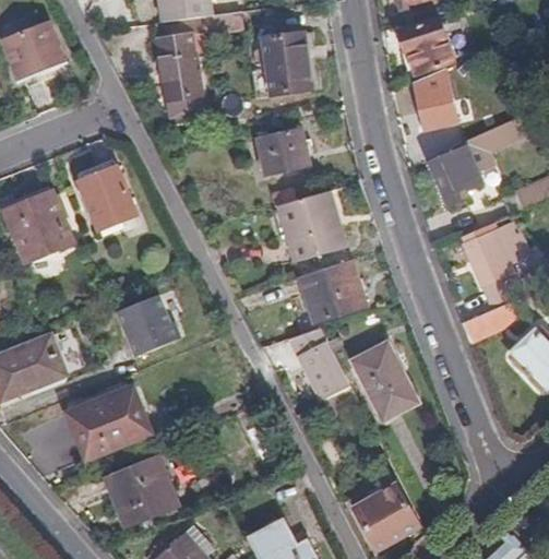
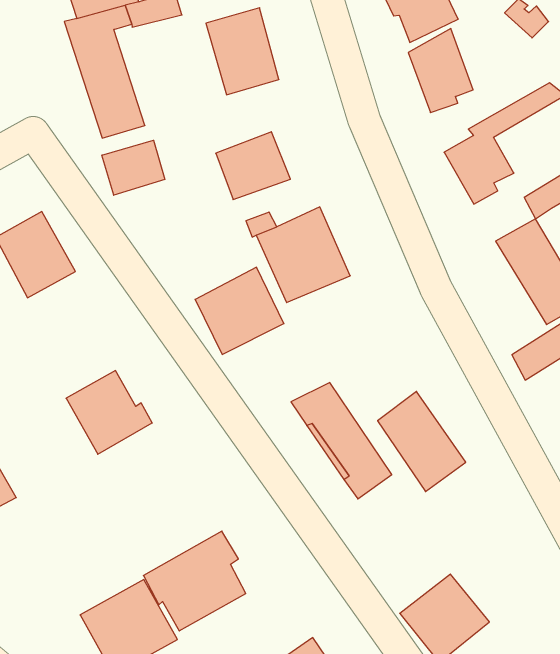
building: none -> [102,140,165,195]
building: [300,259,366,322] -> [195,267,284,354]
building: [67,386,143,459] -> [143,531,246,631]

